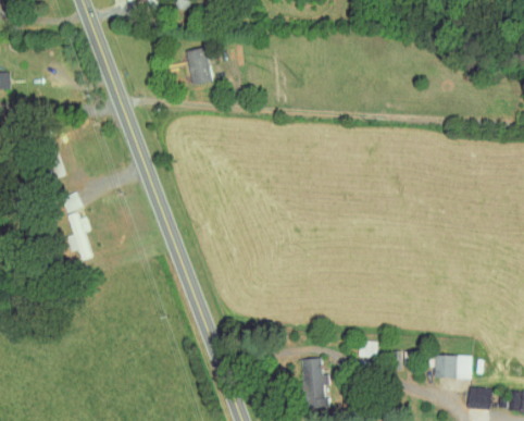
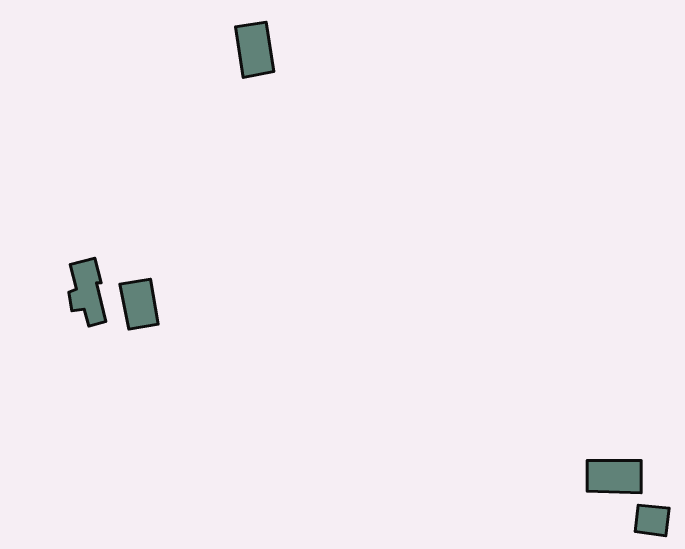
building: none -> [120,279,158,329]
building: [300,358,326,409] -> none

